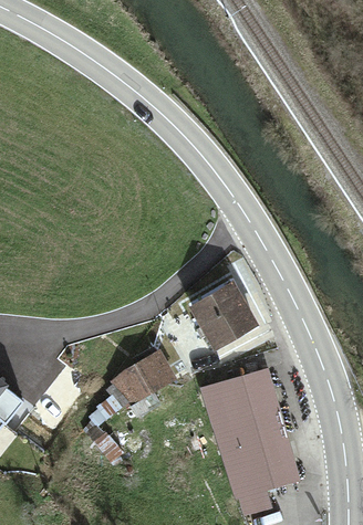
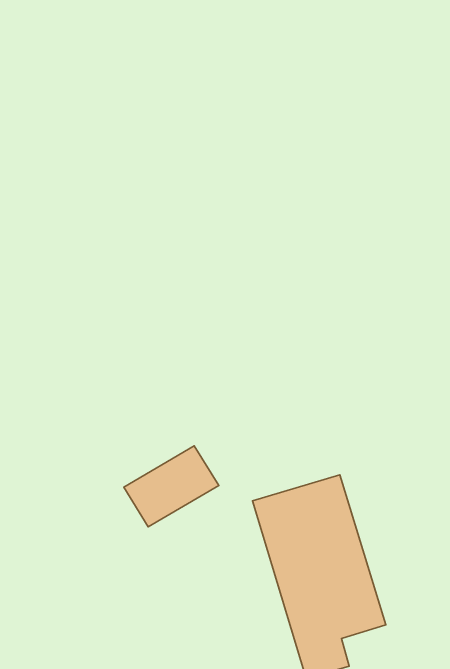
building: [187,280,259,350] -> none

